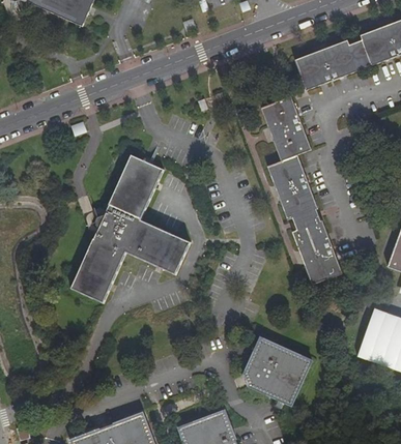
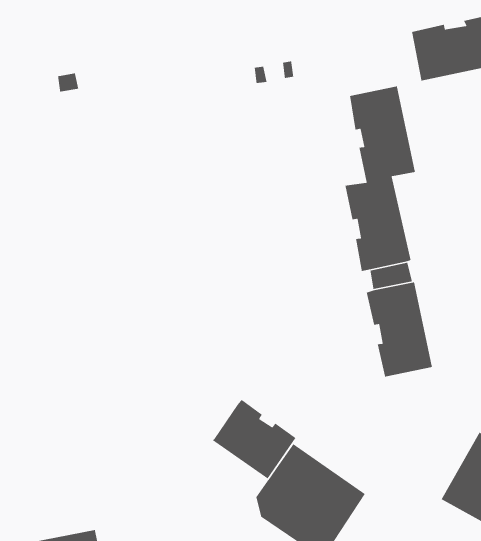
building: [69,154,189,302] -> none
building: none -> [212,399,297,479]

